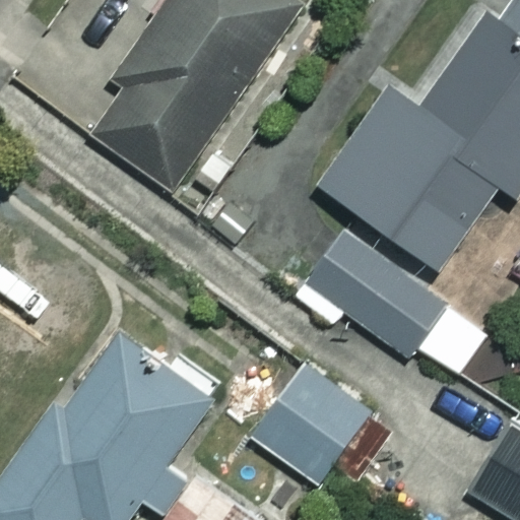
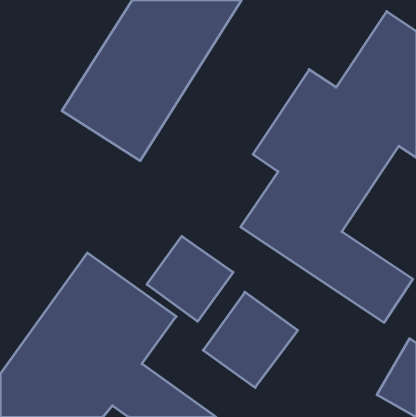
building: none -> [147,236,233,321]

